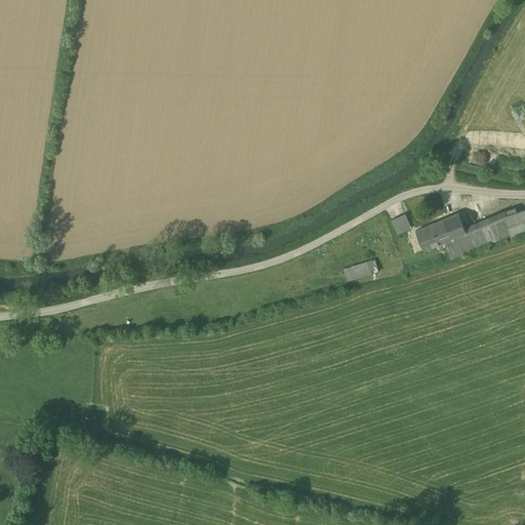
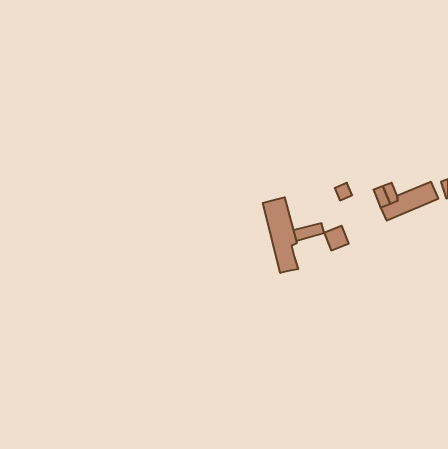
building: [415,221,444,250] -> [324,226,349,250]
building: none -> [263,197,298,273]

